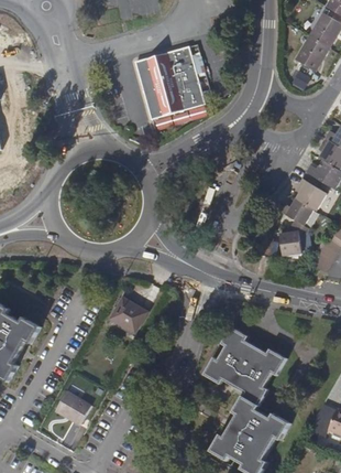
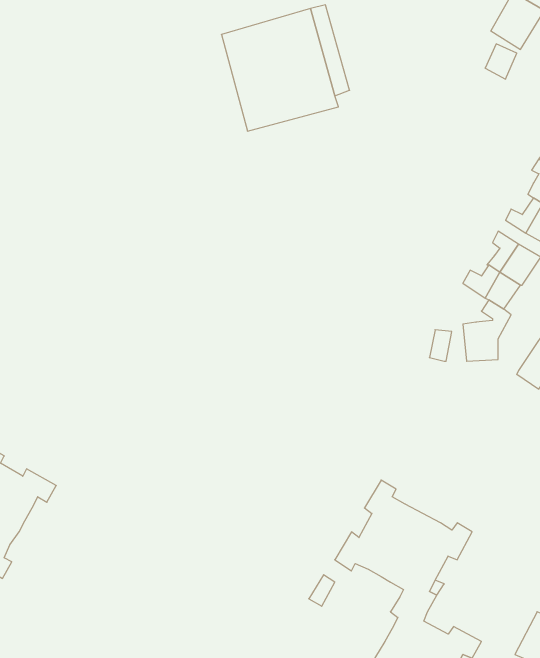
building: [107,298,143,334] -> none
building: [54,391,90,424] -> none

